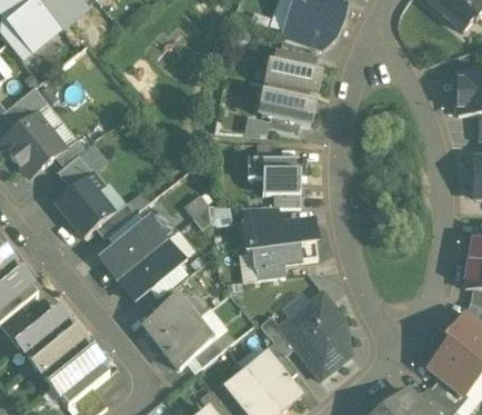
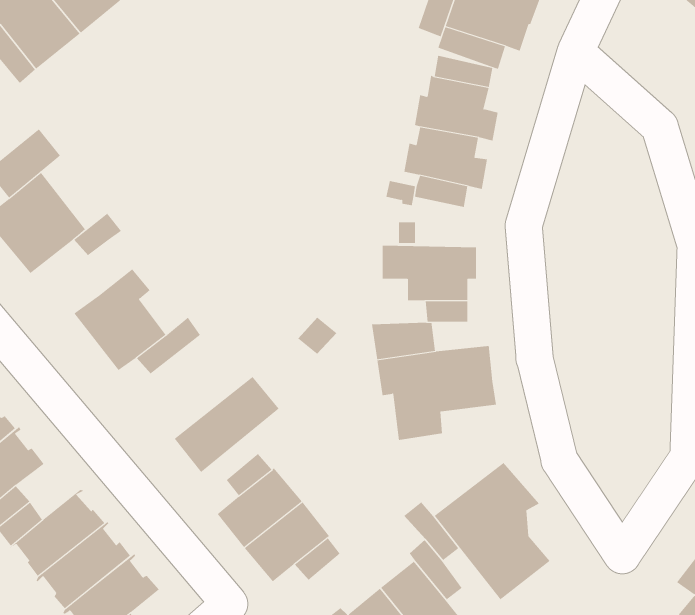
building: [57,154,92,188] -> none
building: [101,217,167,277] -> none

